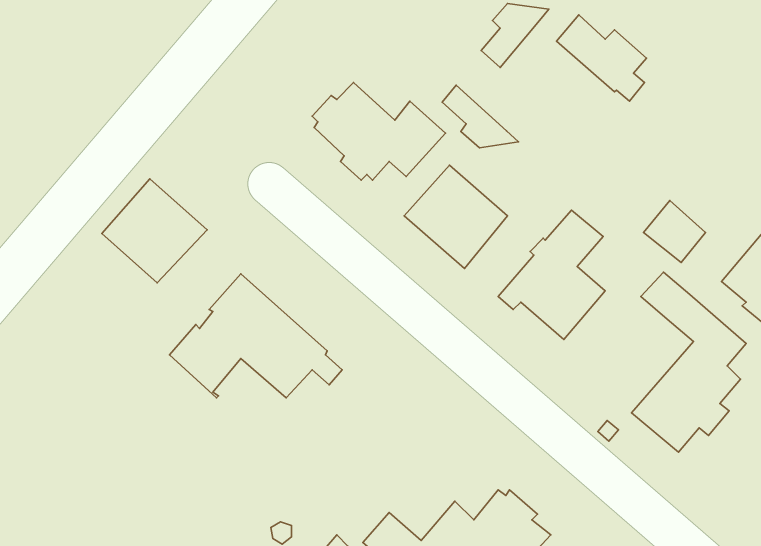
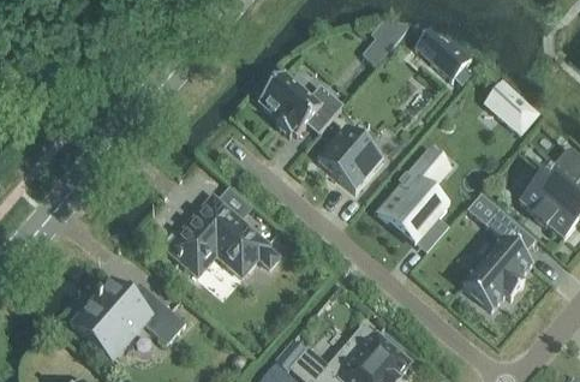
building: [442,85,518,148] -> none
building: [102,179,207,283] -> none
building: [644,200,706,262] -> [497,91,537,131]
building: none -> [73,277,185,356]

